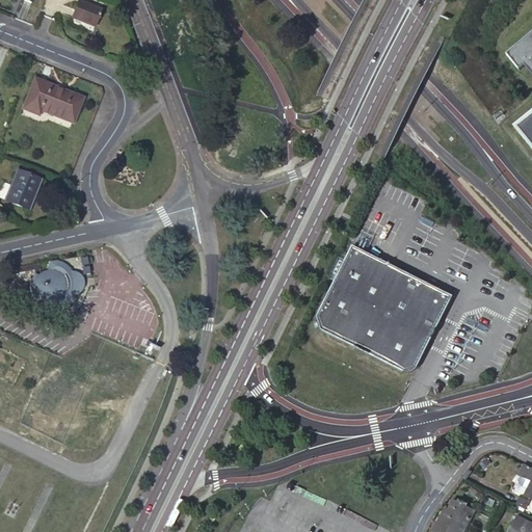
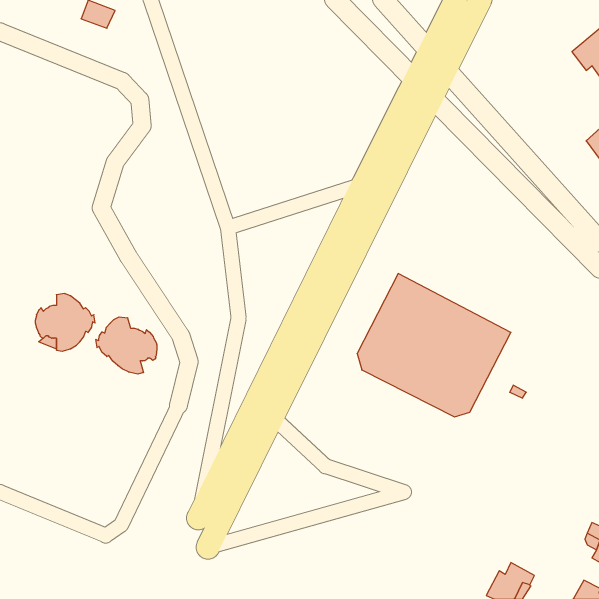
building: [26,79,83,121] -> none
building: [6,169,42,208] -> none
building: none -> [96,317,157,374]

